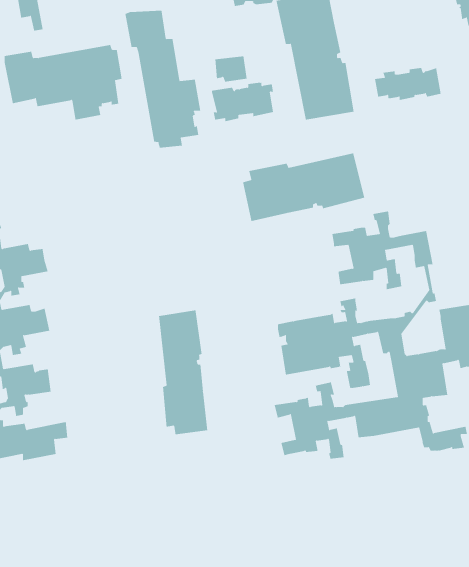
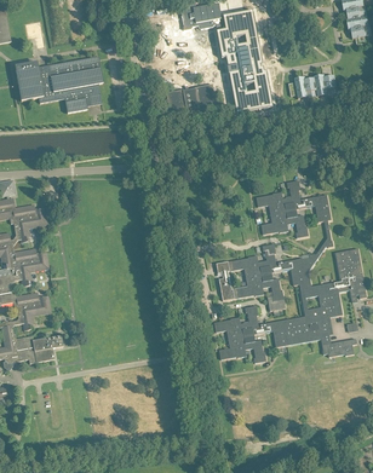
building: [125,10,201,149] -> none
building: [242,153,365,222] -> none
building: [158,309,208,435] -> none

